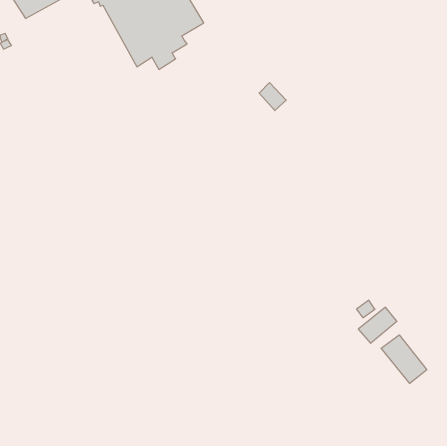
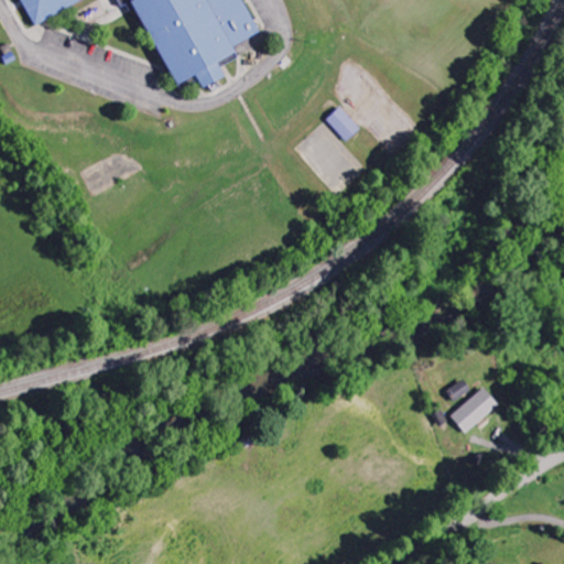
building: [381,335,427,383] -> none

